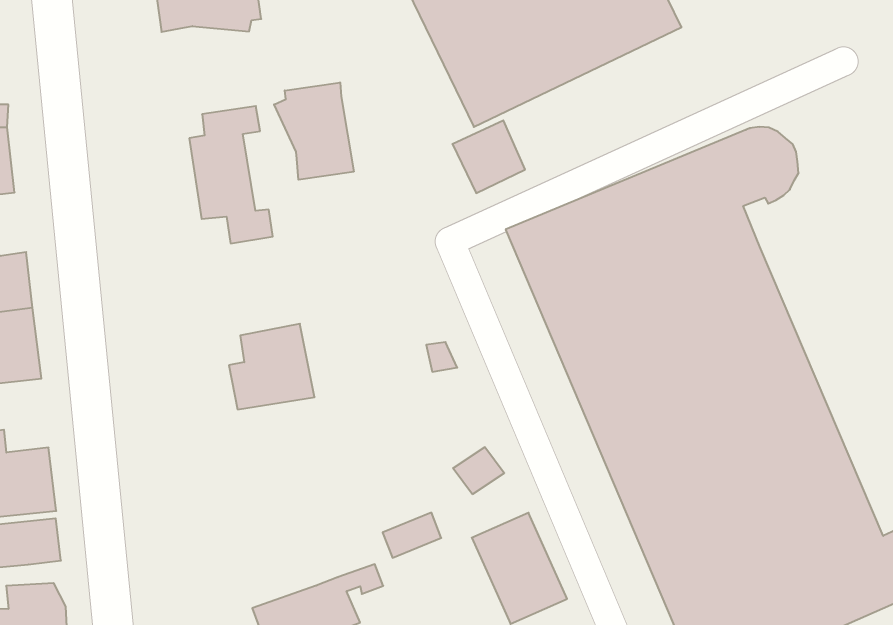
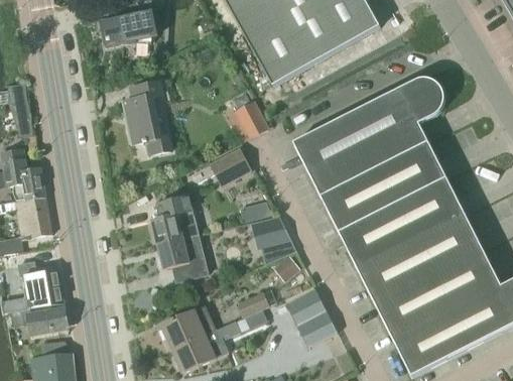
building: [274,82,354,180] -> none
building: [452,120,525,193] -> [229,101,268,140]
building: none -> [209,146,249,184]
building: none -> [254,216,290,247]
building: none -> [157,234,207,281]
building: none -> [161,304,216,348]

